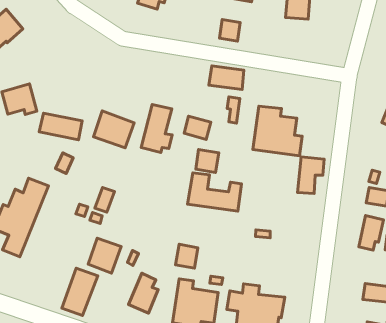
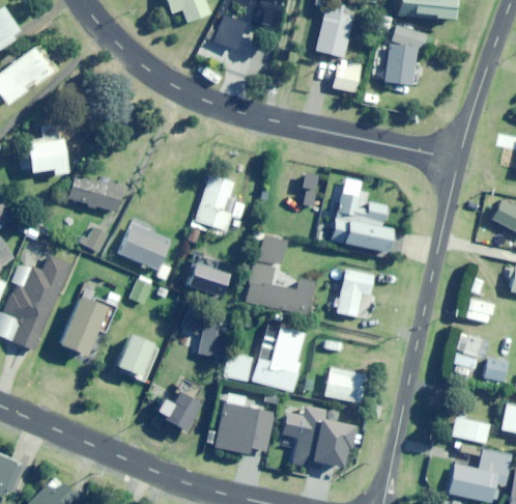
building: [220,20,240,41] -> [333,63,360,91]
building: [209,66,244,90] -> none
building: [93,111,134,148] -> [119,222,171,270]
building: [184,116,211,139] -> none
building: [297,157,324,194] -> [337,269,373,315]
building: none -> [185,262,227,299]
building: none -> [252,323,305,391]
building: none -> [197,325,224,357]
building: none -> [323,367,361,401]
building: [62,268,98,316] -> [59,296,107,355]

